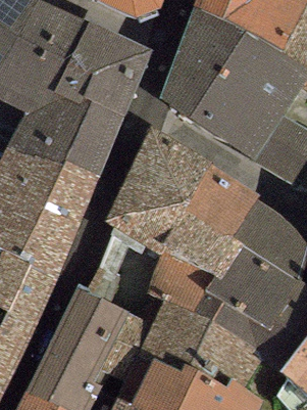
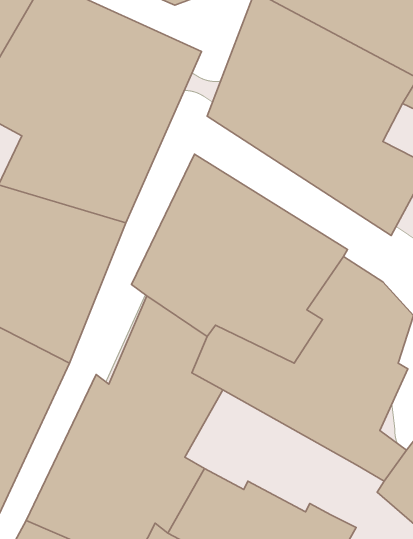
building: [141,297,266,388] -> none

